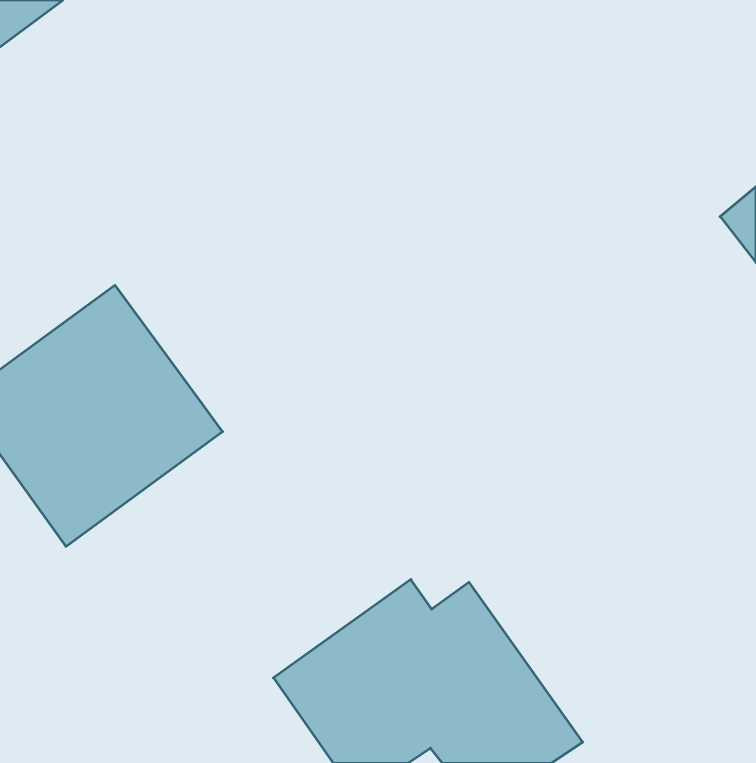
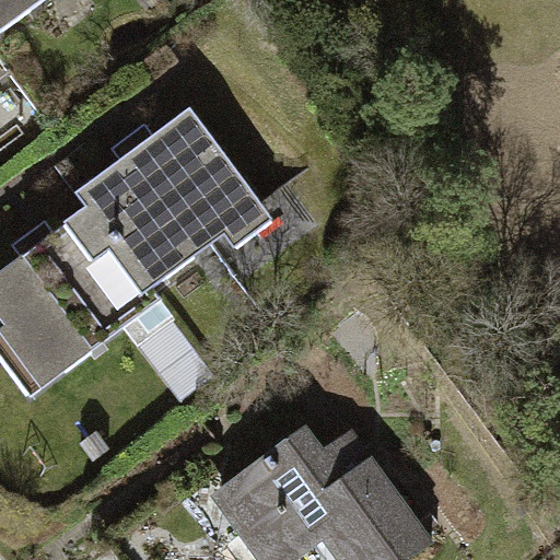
building: none -> [71,104,277,295]

